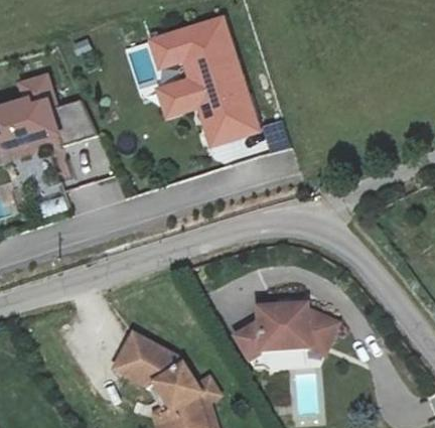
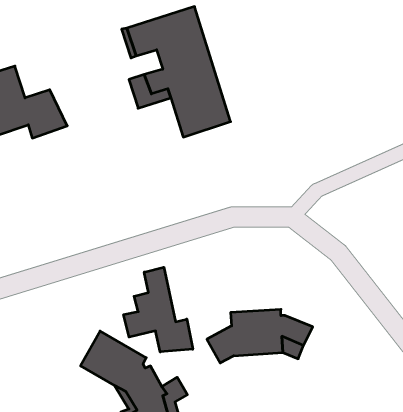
building: none -> [124,267,193,352]

